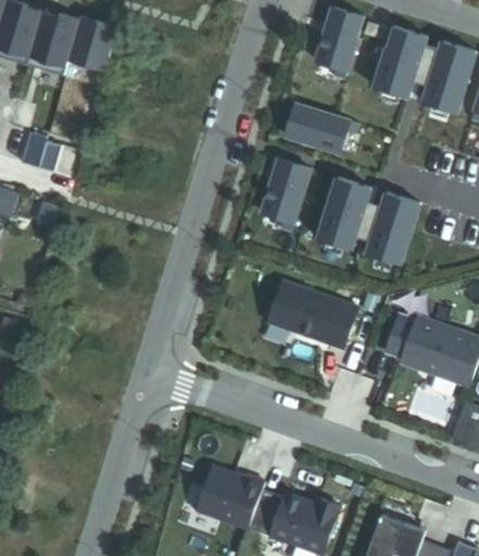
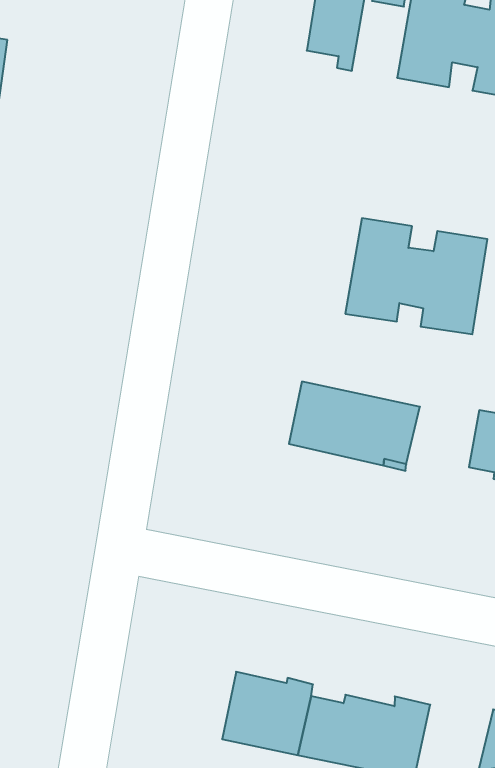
building: [285,104,355,152] -> none
building: [261,159,308,230] -> none

